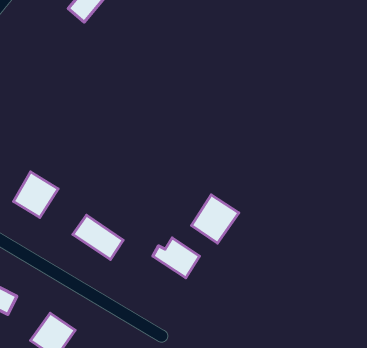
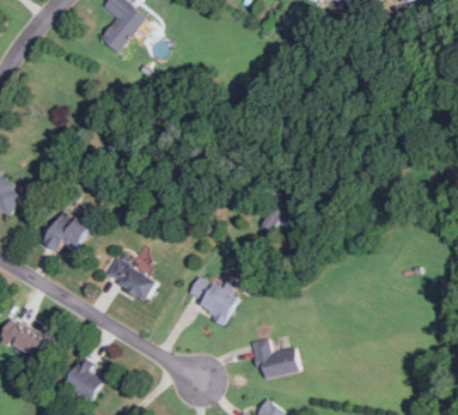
building: [192,195,239,243] -> none
building: none -> [254,340,299,378]

